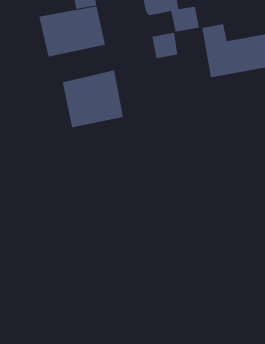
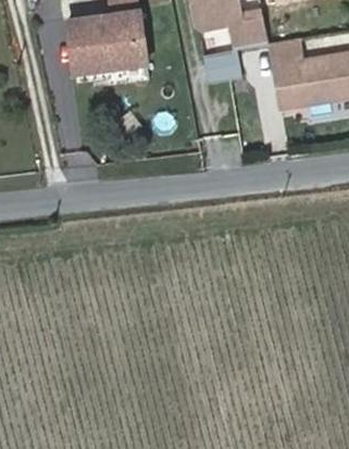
building: [62,70,124,128] -> none

